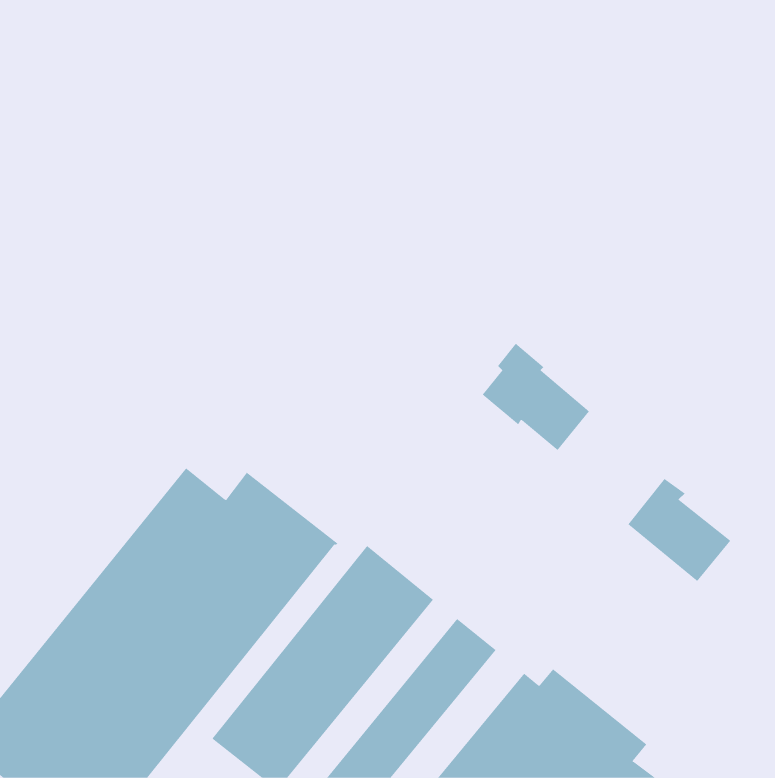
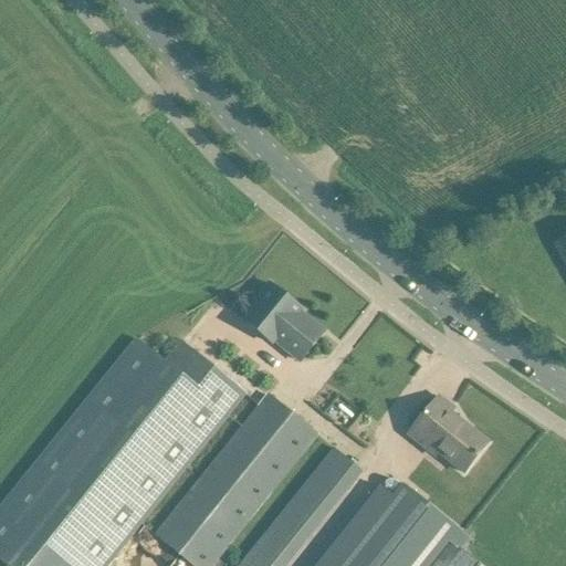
building: [482,343,590,451] -> [243,284,322,363]
building: [628,478,731,582] -> [410,398,485,473]

